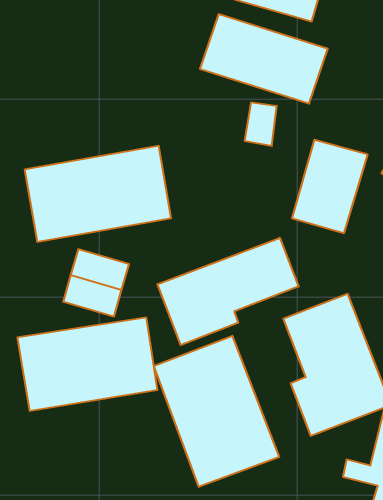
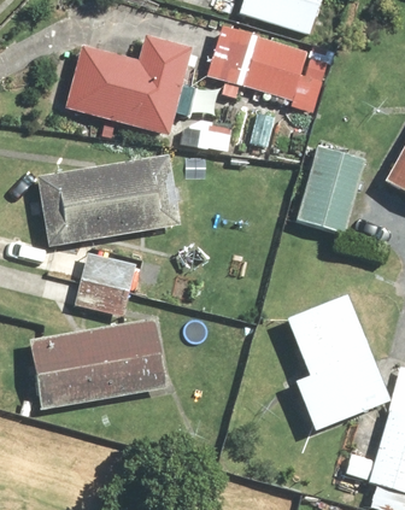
building: none -> [66,29,193,134]
building: [157,238,299,345] -> none
building: [154,336,279,487] -> none

